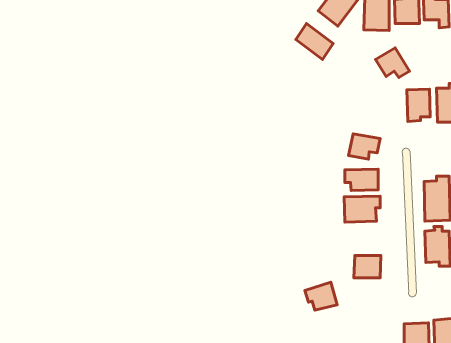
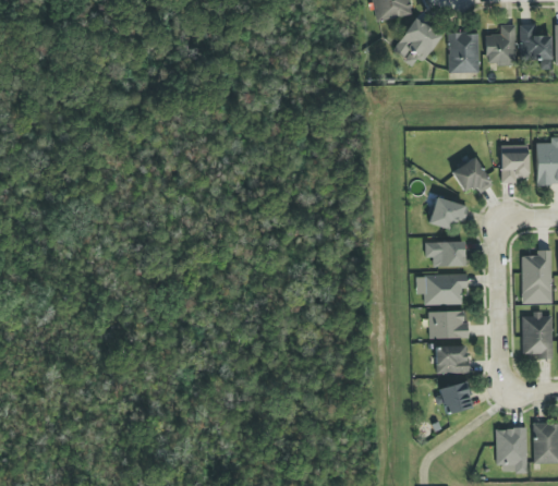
building: [296,24,333,59] -> none
building: [375,48,410,78] -> [451,157,493,193]
building: none -> [428,311,468,339]
building: [305,282,337,310] -> [435,380,474,414]

